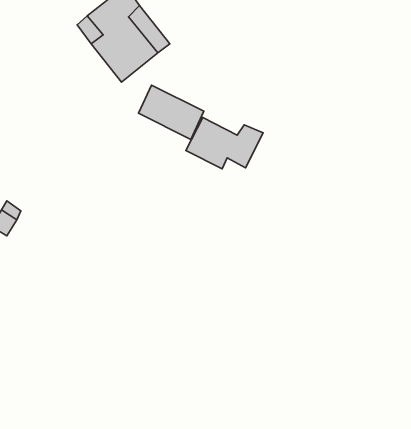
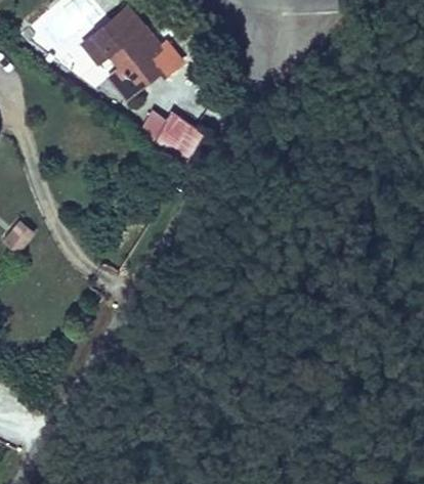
building: [186,118,263,169] -> none

